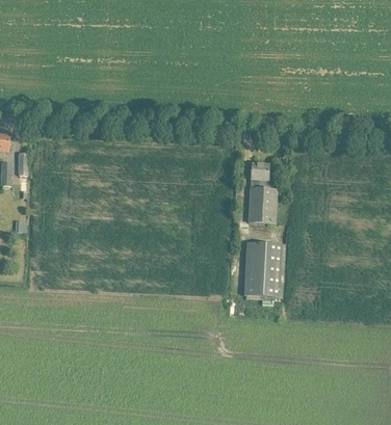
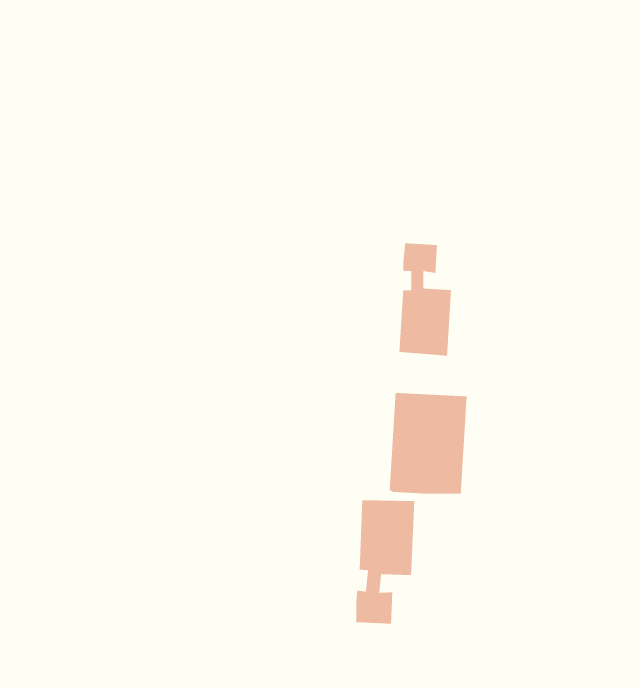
building: none -> [355,499,415,625]

